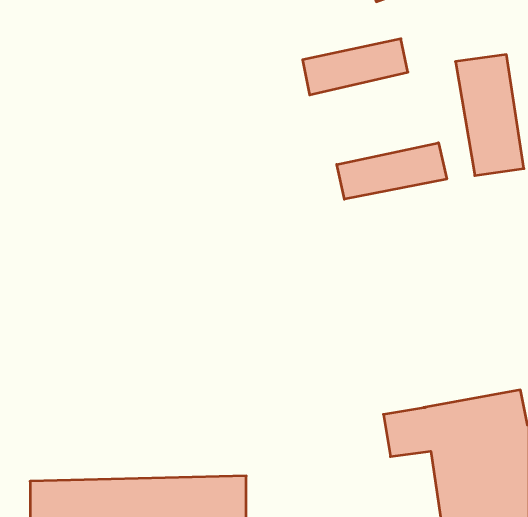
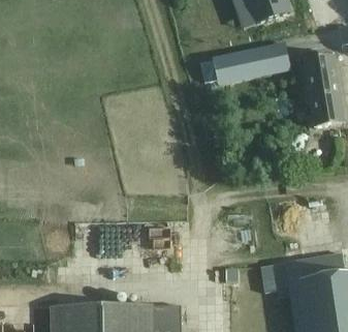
building: [337,143,447,199] -> none

